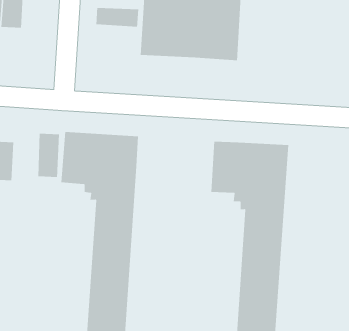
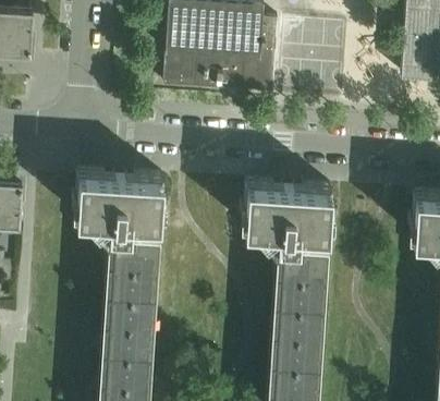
building: [96,7,139,27] -> none
building: [38,133,60,178] -> none

